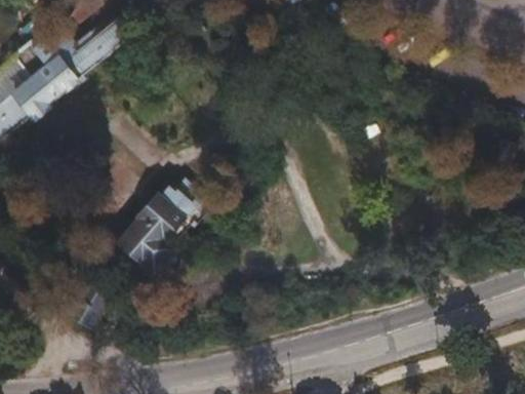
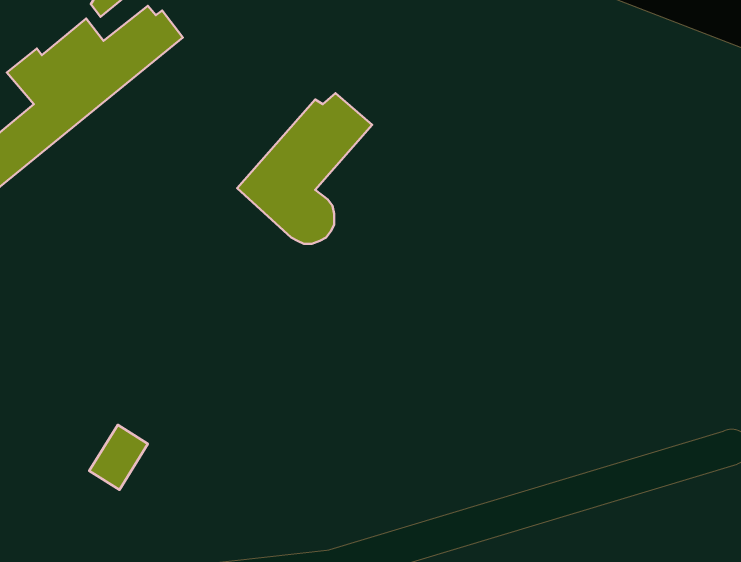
building: [115,187,202,284] -> [237,93,372,244]

